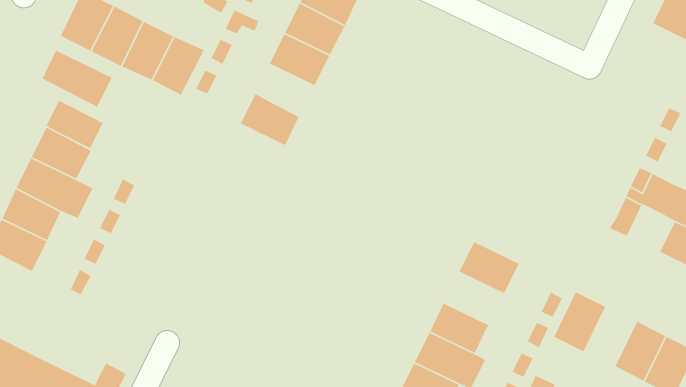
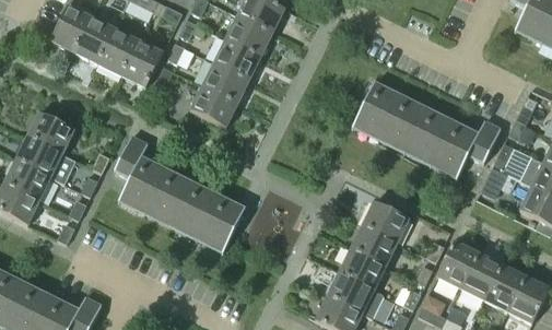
building: [42,50,113,108] -> none
building: none -> [202,61,249,103]
building: none -> [351,85,501,178]
building: [46,100,104,149] -> none
building: none -> [114,134,243,251]
building: none -> [350,224,398,266]
building: none -> [460,251,502,298]

